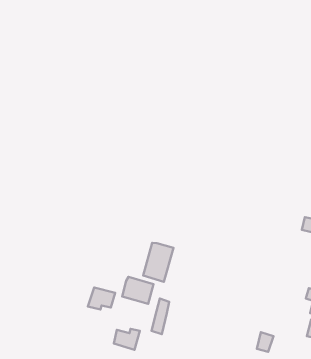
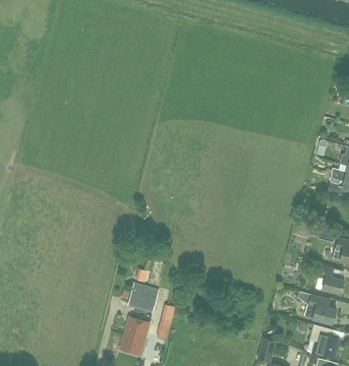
building: [143,243,173,282] -> none
building: [88,288,115,310] -> [123,316,150,338]

